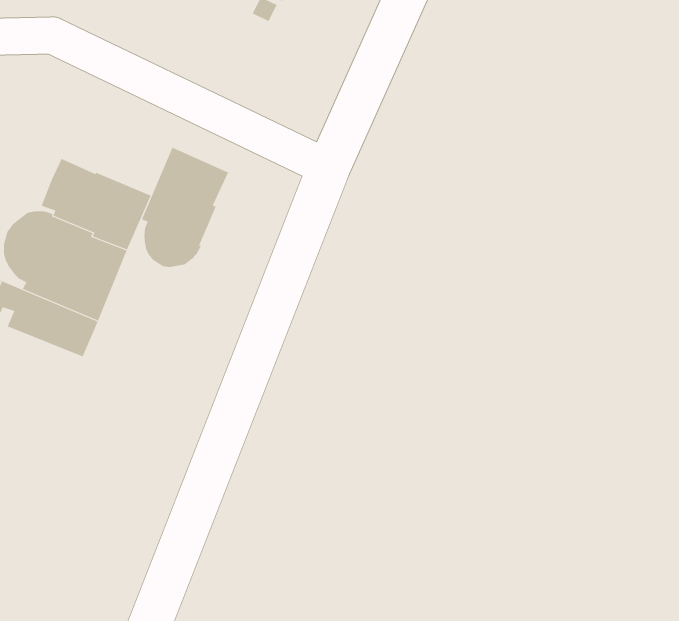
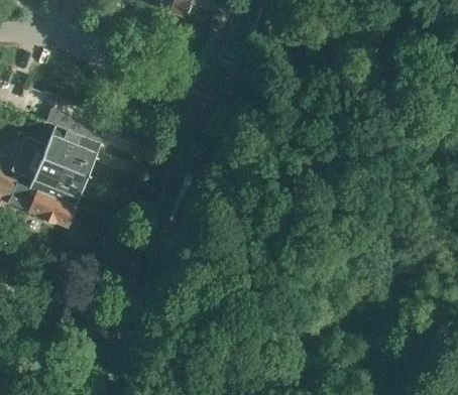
building: [141,147,229,268] -> none

